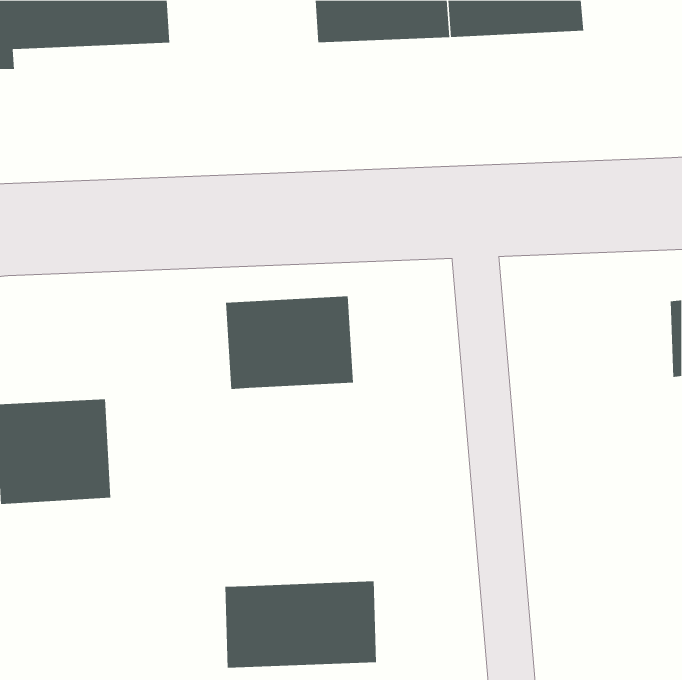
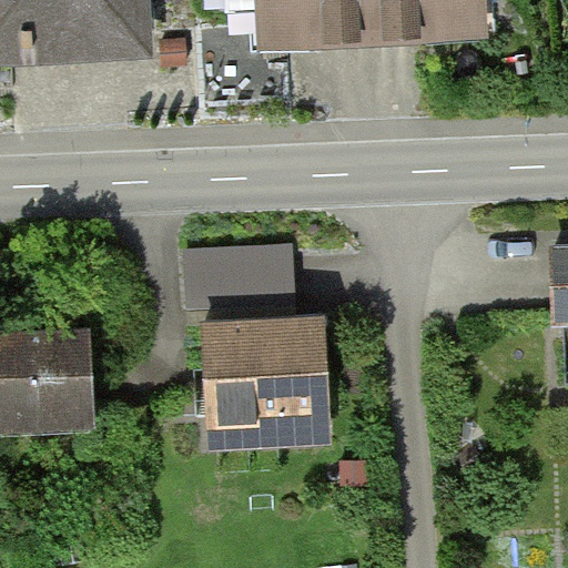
building: none -> [206,321,327,438]
building: [225,580,377,669] -> none

